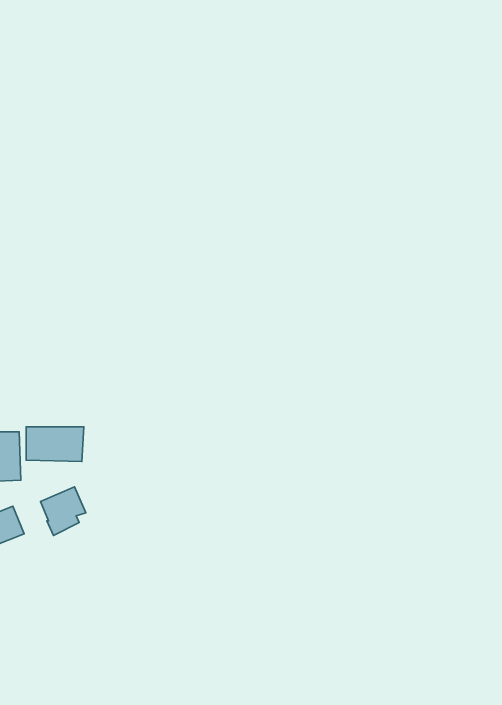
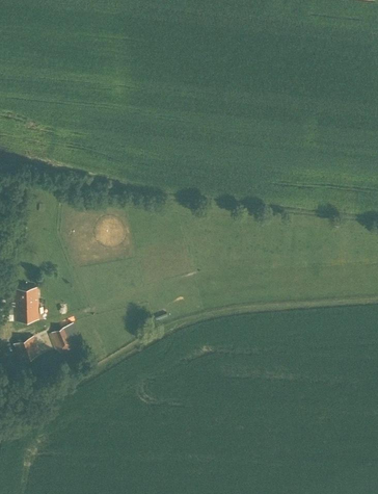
building: [26,427,84,462] -> none

